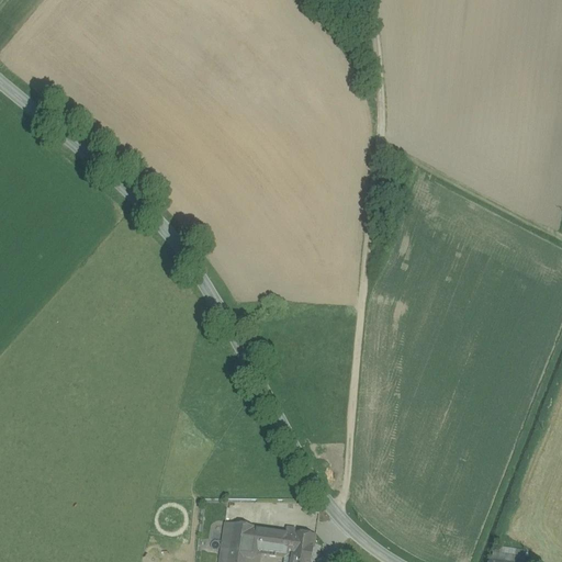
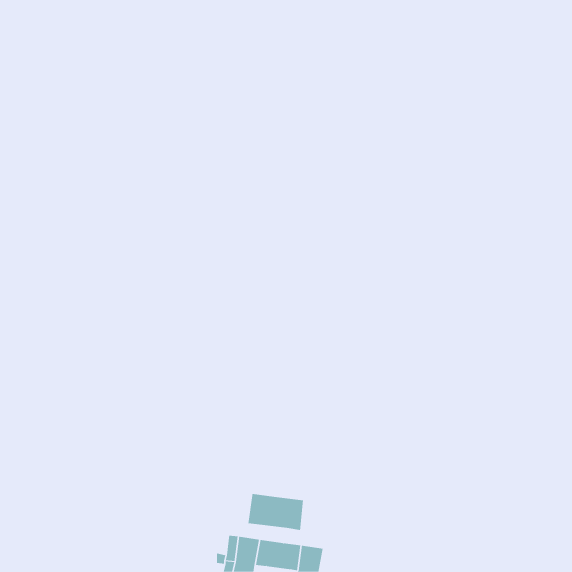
building: none -> [248,493,303,531]

